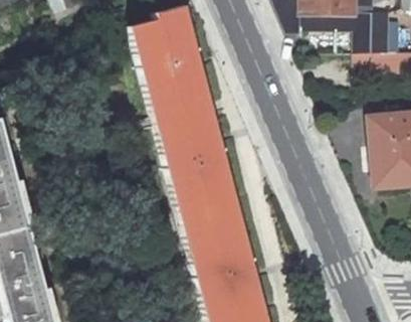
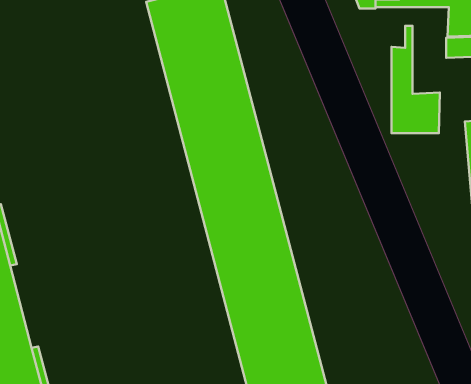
building: none -> [391,26,440,133]

